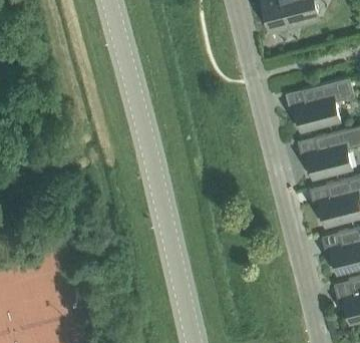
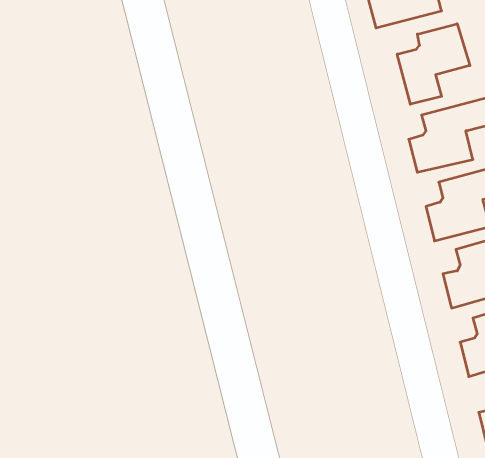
building: none -> [397,24,470,104]

